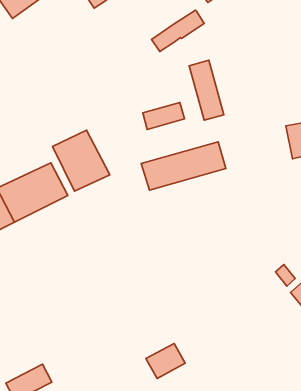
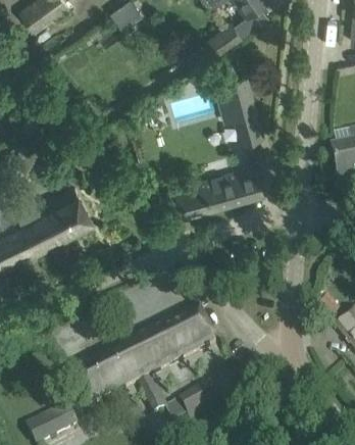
building: [143,102,184,129] -> none
building: [53,130,110,191] -> none
building: none -> [71,308,215,408]

